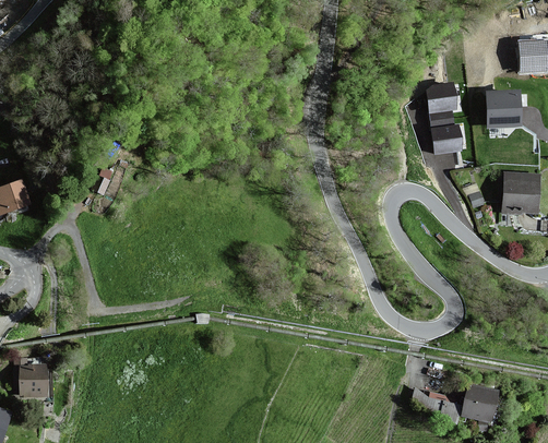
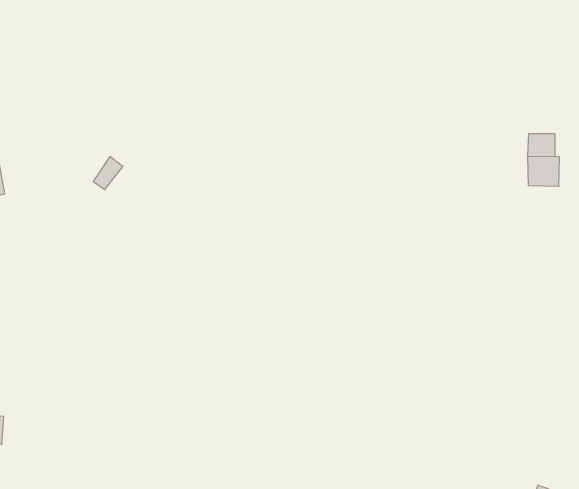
building: [430,83,456,110] -> none

